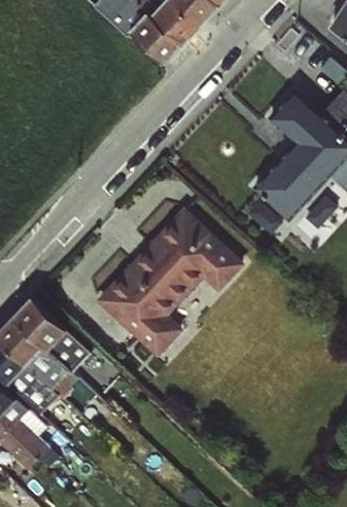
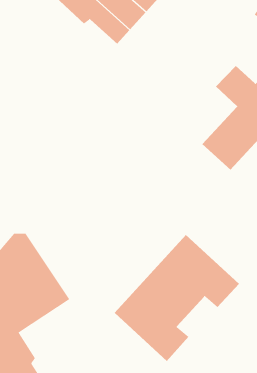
building: [95,205,246,358] -> [114,234,240,362]

